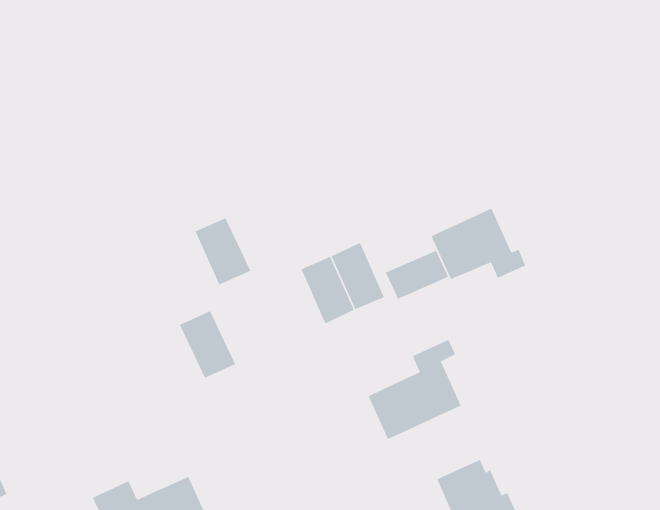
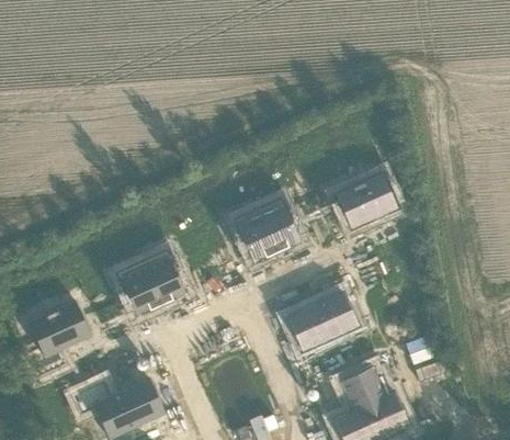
building: [194,217,252,286] -> [116,260,160,313]
building: [385,250,449,300] -> none
building: none -> [27,298,90,372]

